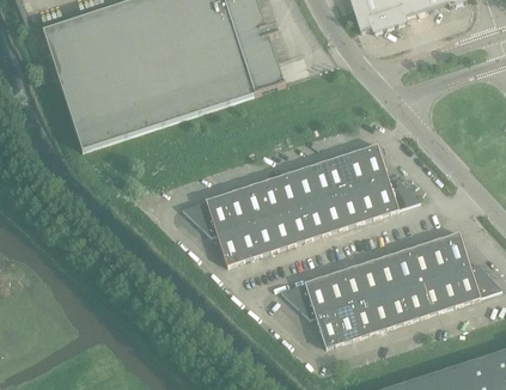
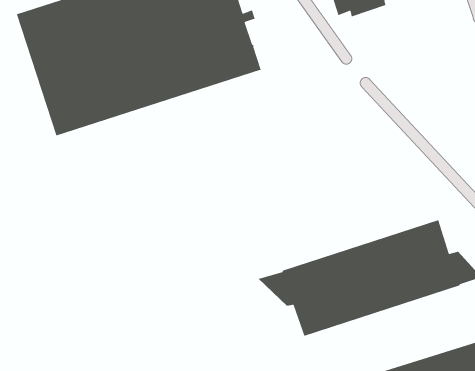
building: [182,144,420,264] -> none

